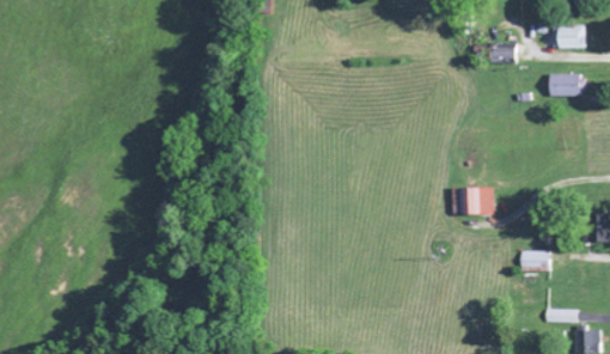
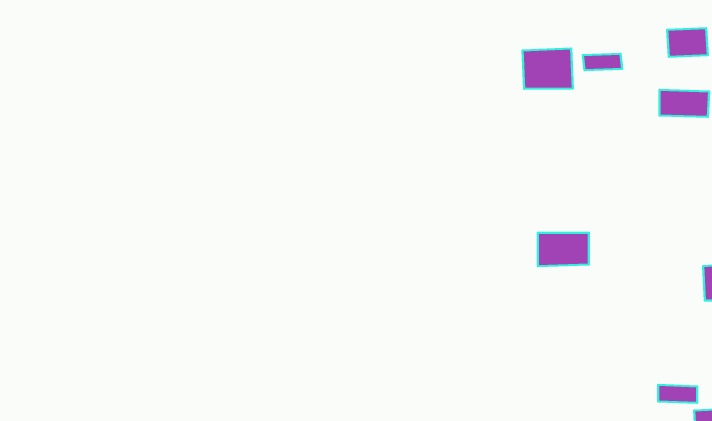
building: none -> [523,49,573,89]
building: [520,250,553,271] -> none

